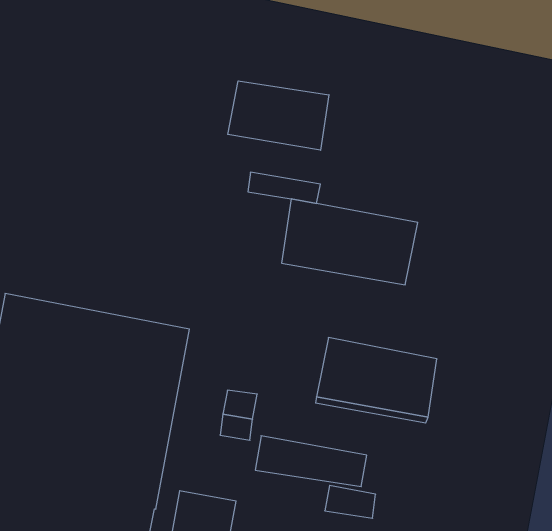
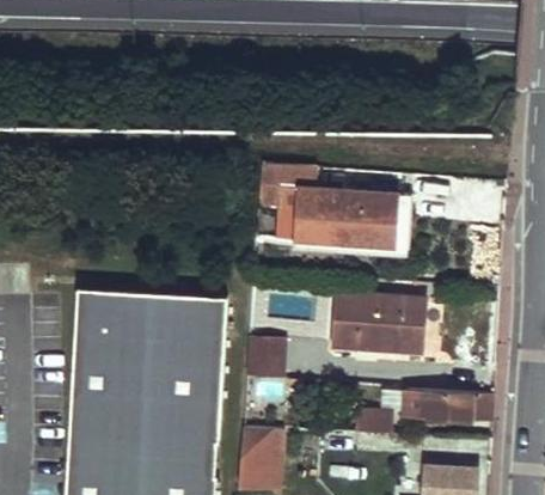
building: [228,81,329,150] -> none
building: [255,436,367,487] -> [402,389,488,418]

